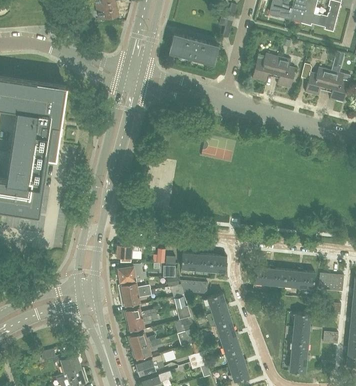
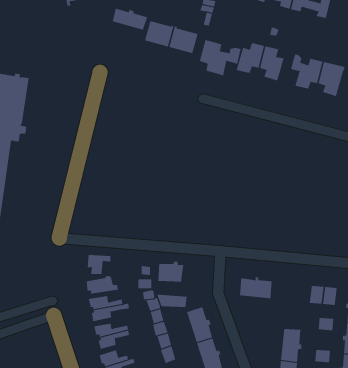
building: none -> [112,8,148,30]
building: none -> [199,39,241,76]
building: [203,254,227,272] -> none
building: [284,268,315,288] -> none

